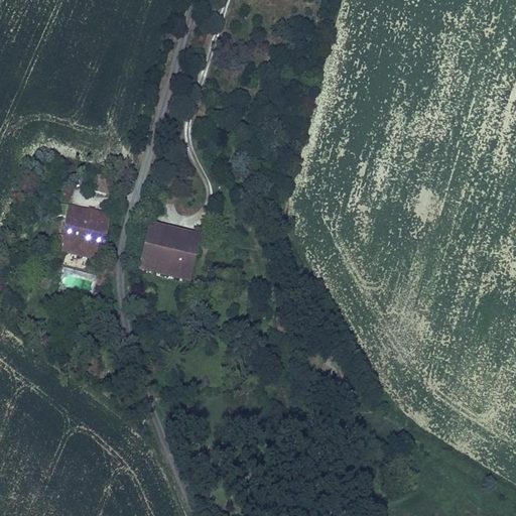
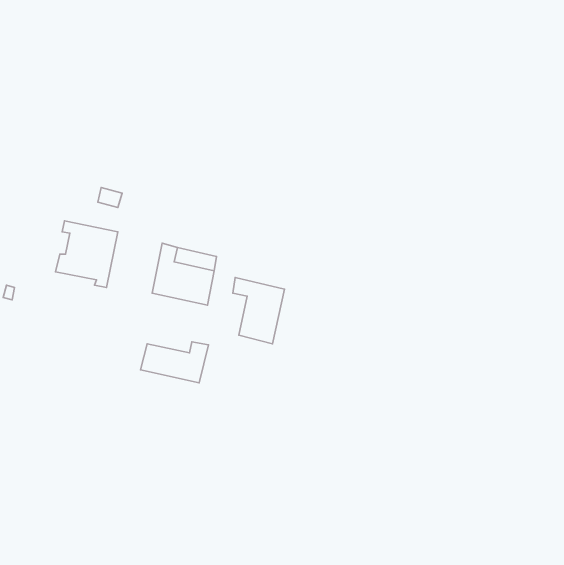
building: none -> [233,278,285,344]
building: none -> [140,342,209,383]

